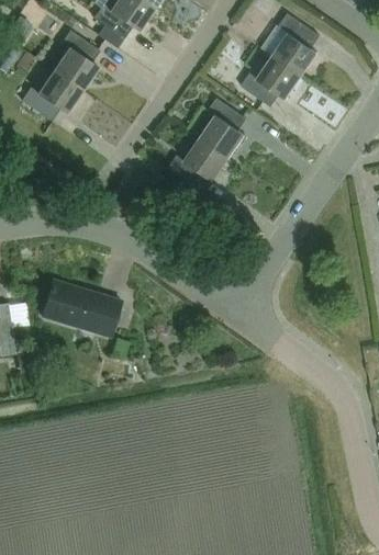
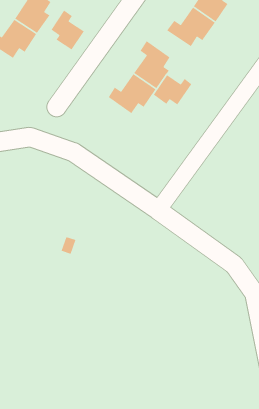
building: none -> [51,10,85,51]
building: none -> [153,74,192,105]
building: [41,279,121,336] -> none

